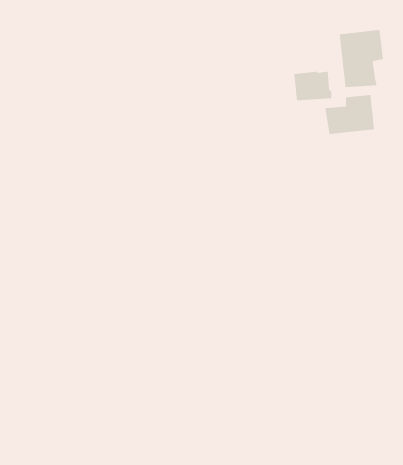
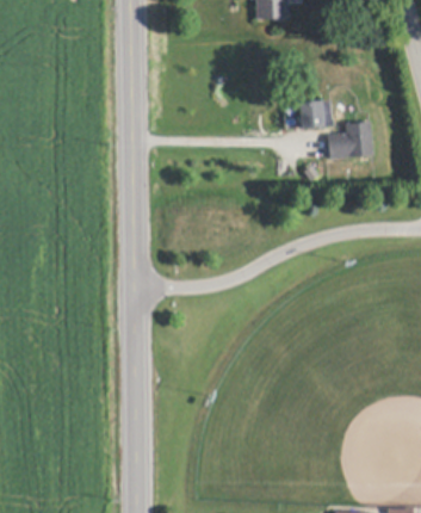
building: [339,29,384,88] -> none

